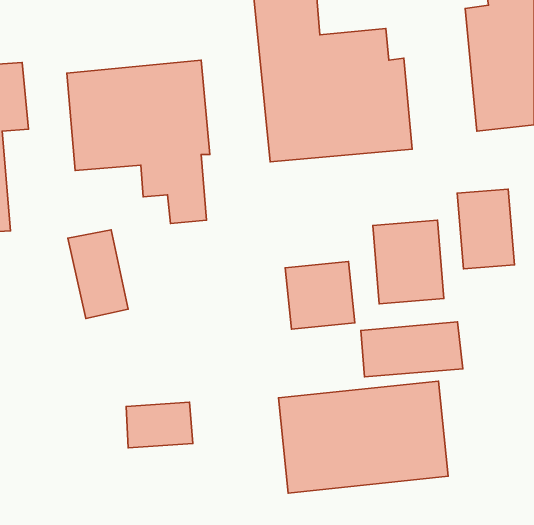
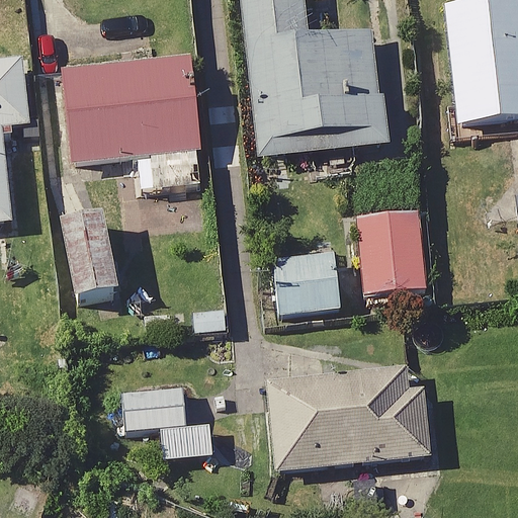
building: [457,189,514,269] -> none
building: [361,322,463,377] -> none

